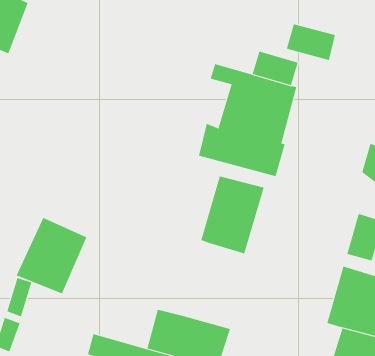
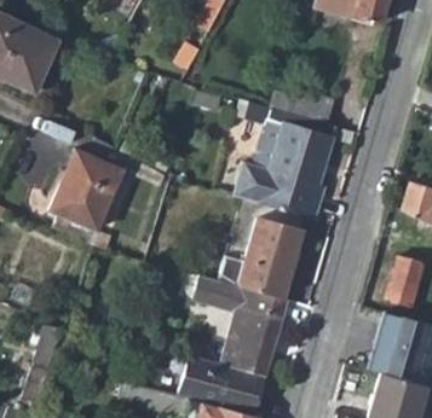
building: [286,23,335,61] -> none
building: [16,217,87,294] -> [48,150,122,230]
building: none -> [191,274,288,377]

